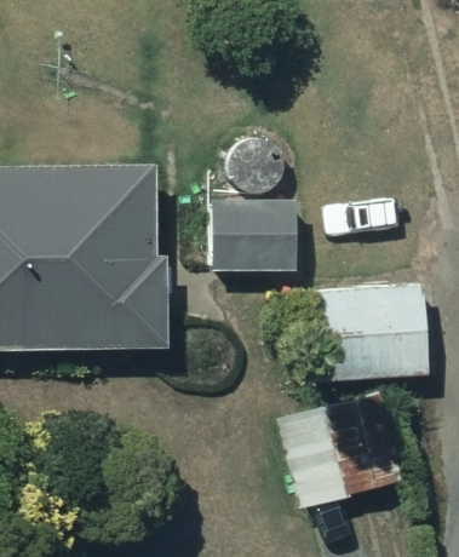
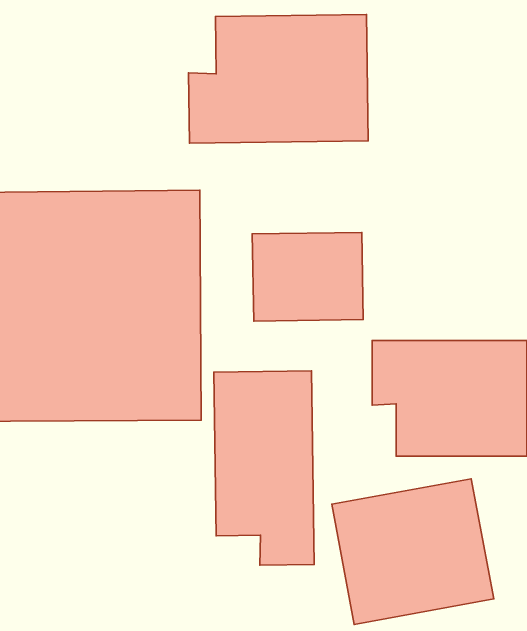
building: none -> [188,14,368,143]
building: none -> [214,371,314,565]

